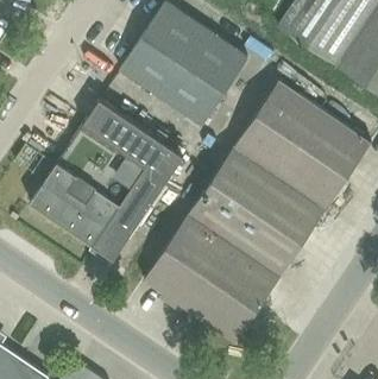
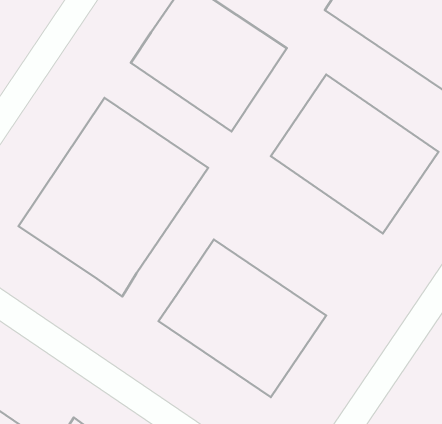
building: [188,147,326,277] -> none

